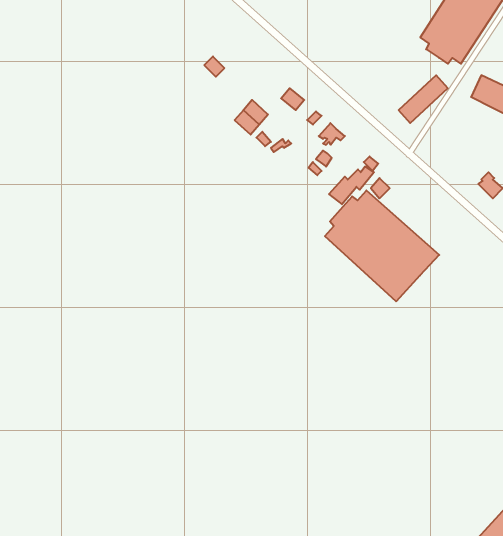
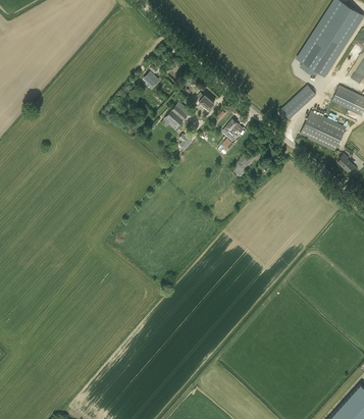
building: none -> [299,110,346,152]
building: [325,190,439,301] -> none

